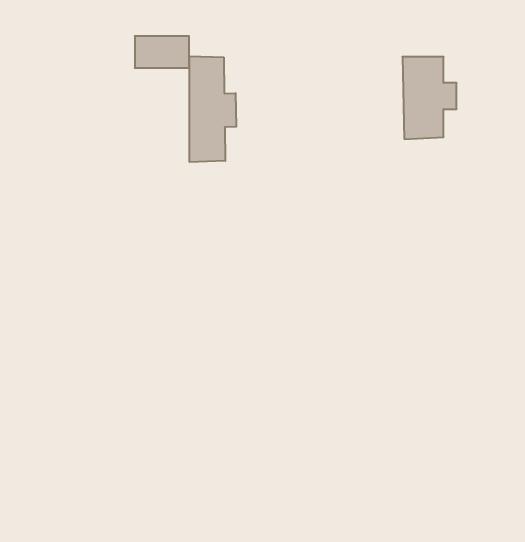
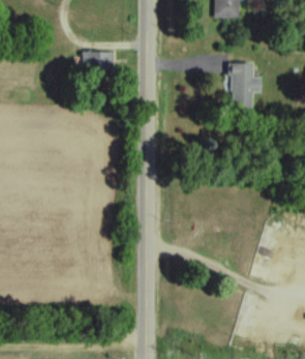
building: [190,56,236,162] -> none

